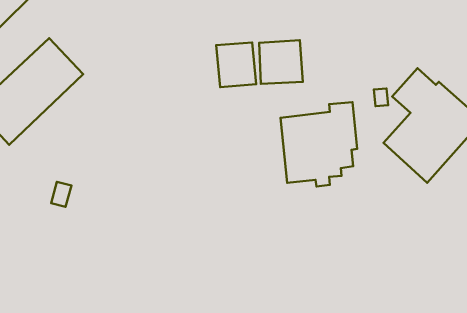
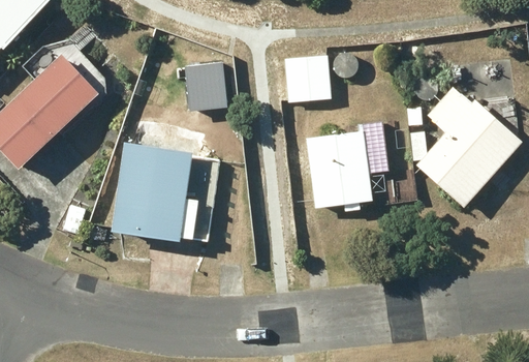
building: [216,42,256,87] -> [184,63,226,111]
building: none -> [111,140,198,239]

